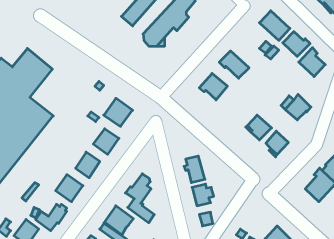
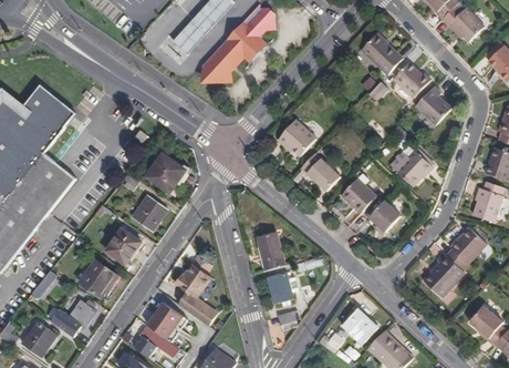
building: [219,51,249,78] -> [300,152,341,190]
building: none -> [343,308,377,344]

